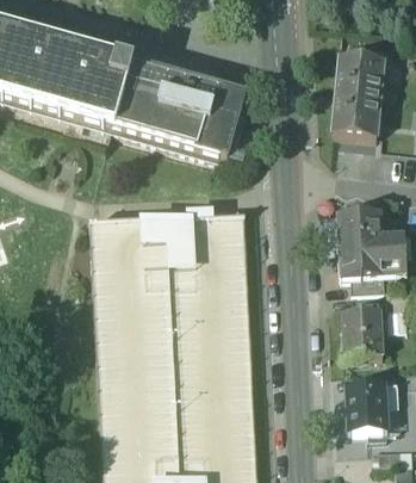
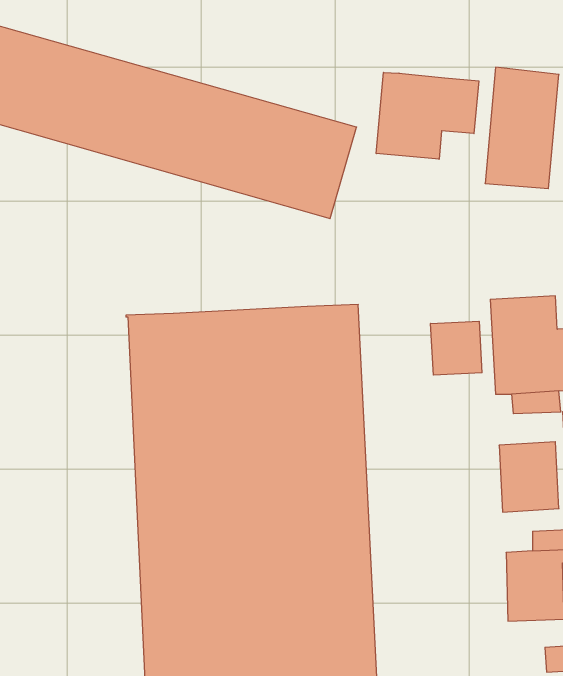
building: none -> [376,72,479,159]
building: none -> [431,321,482,375]

